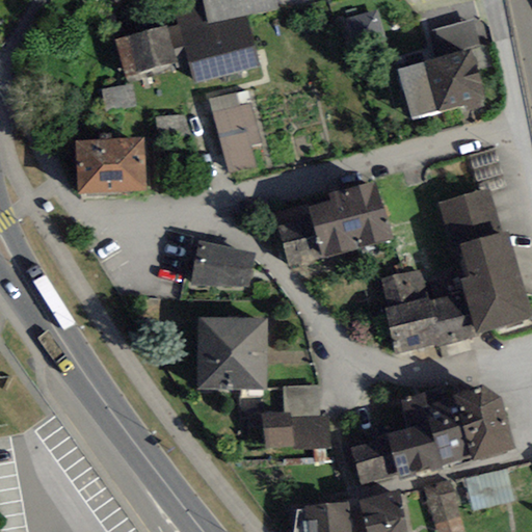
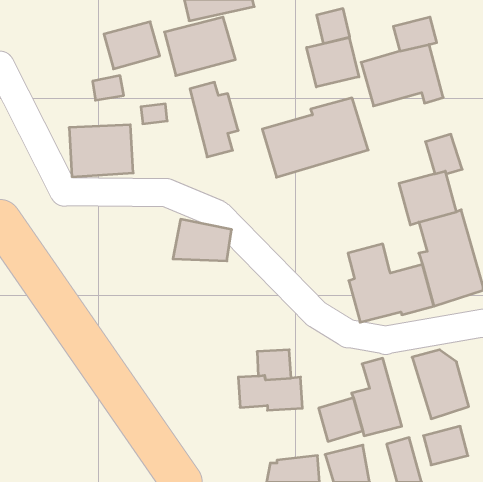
building: none -> [307,37,359,87]
building: [275,182,392,269] -> [262,98,368,177]
building: [196,317,267,389] -> none
building: [421,383,474,469] -> none

